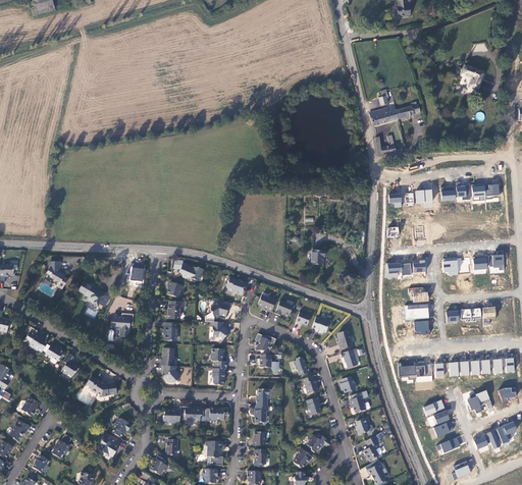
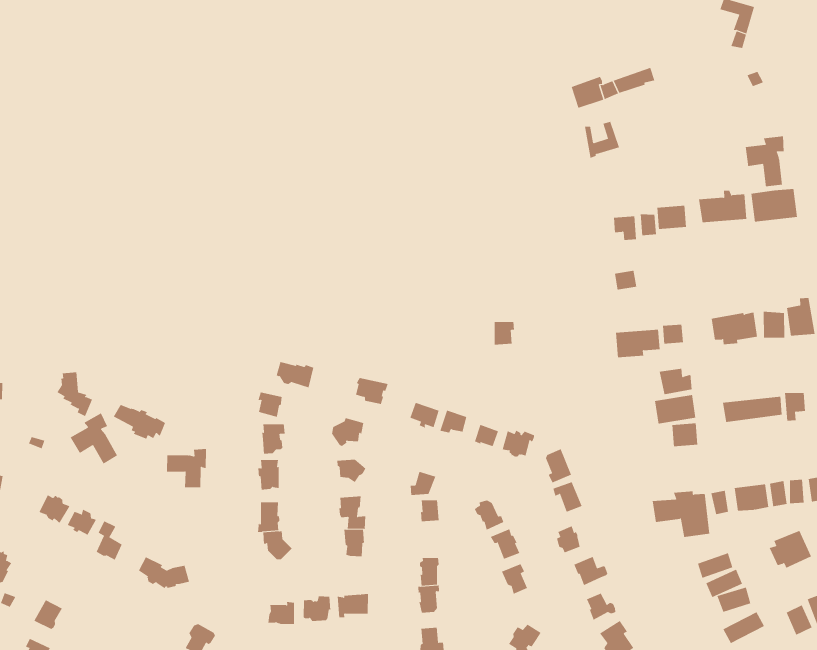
building: none -> [745,136,784,187]
building: none -> [70,413,118,465]

